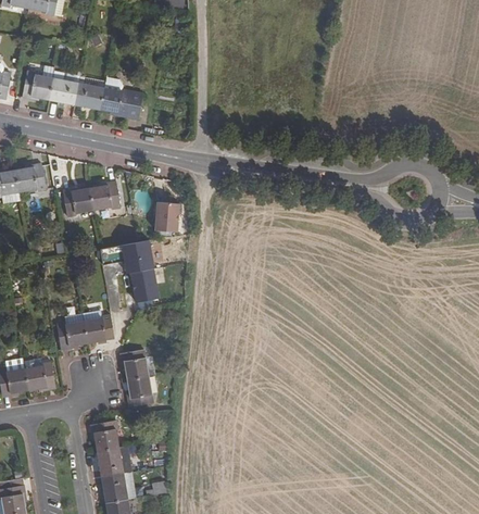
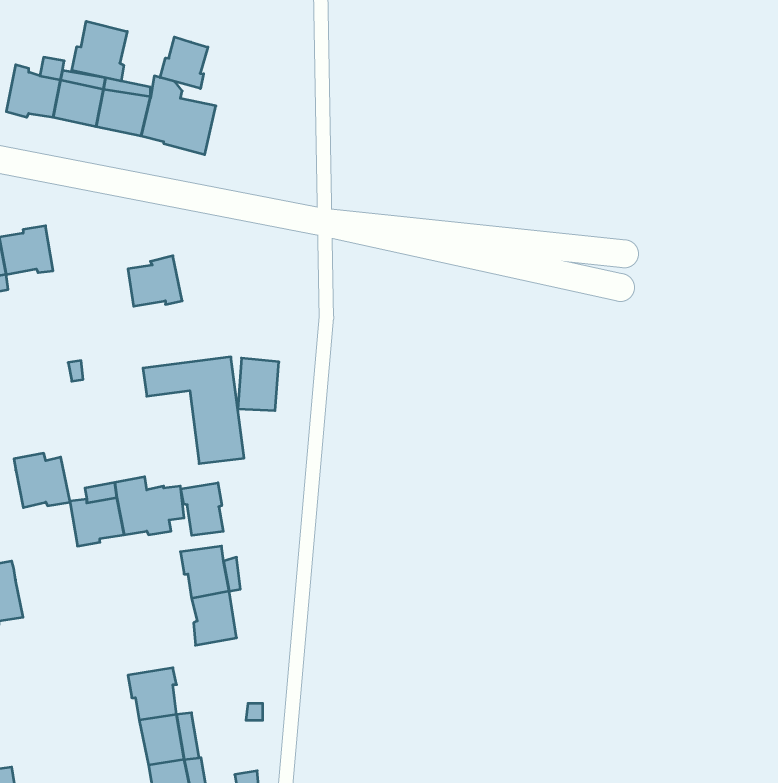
building: none -> [72,21,127,81]
building: none -> [160,37,208,89]
building: [63,188,93,216] -> none
building: [155,201,179,231] -> [238,358,279,411]
building: none -> [181,483,223,535]
building: [24,359,56,390] -> [14,453,70,508]

